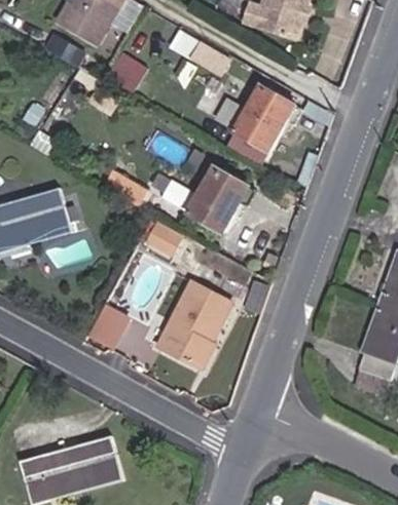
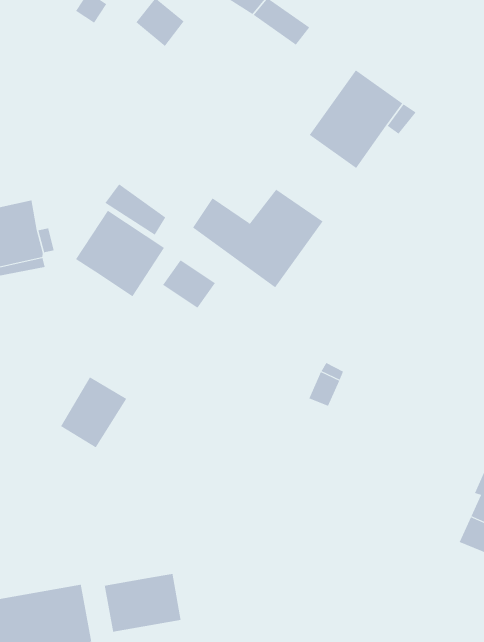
building: none -> [75,210,165,297]
building: [159,281,230,365] -> none
building: none -> [104,573,181,633]

